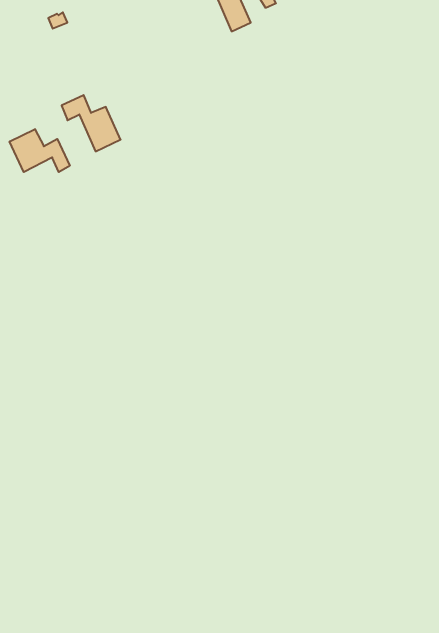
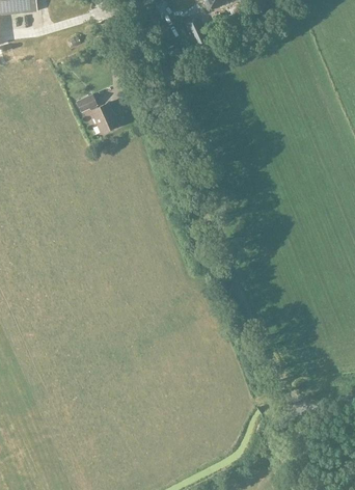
building: [10,129,70,172] -> none

